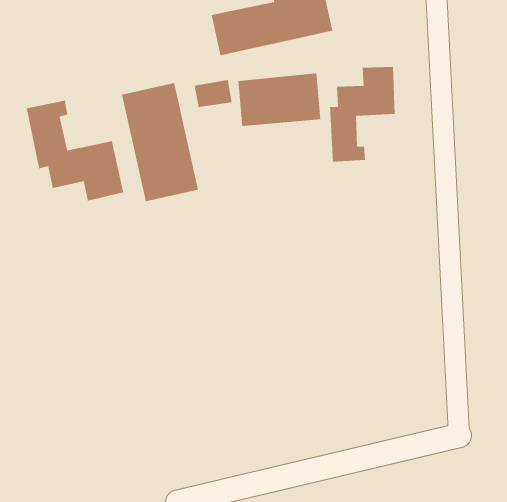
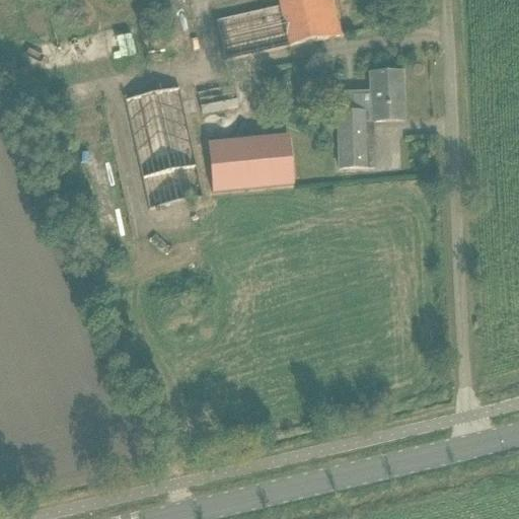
building: [238,73,321,126] -> [208,134,293,189]
building: [26,100,124,201] -> none

